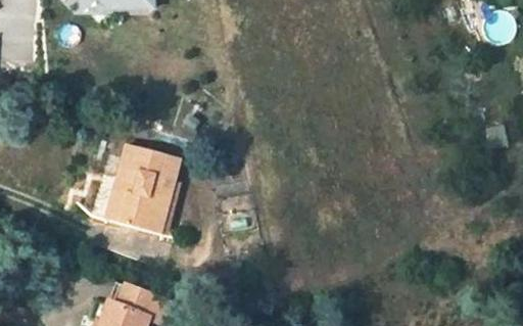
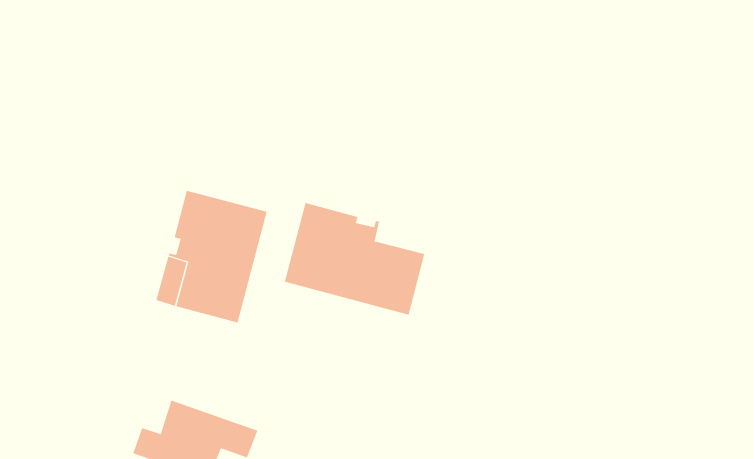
building: none -> [284,202,425,316]

